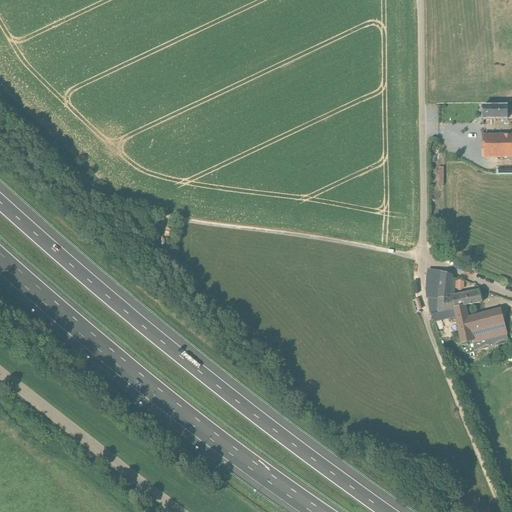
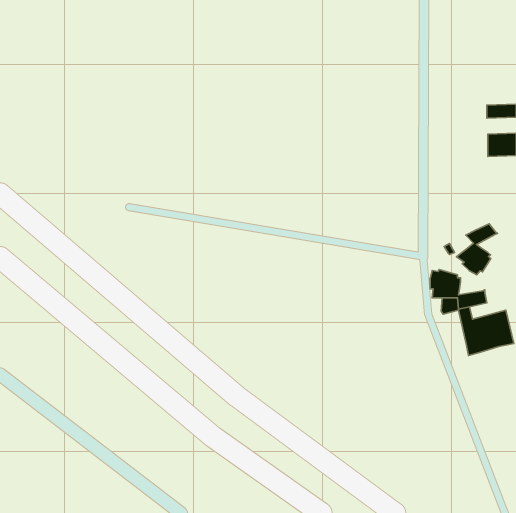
building: none -> [457,224,498,275]

